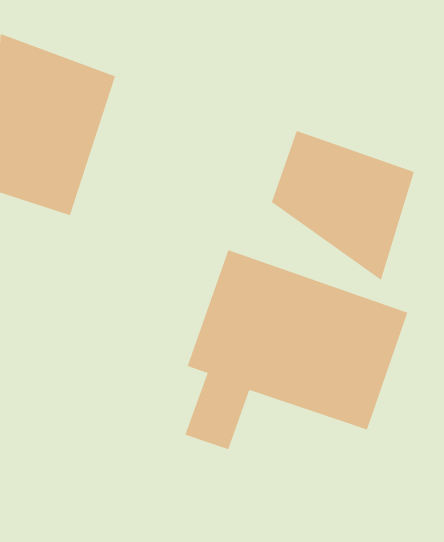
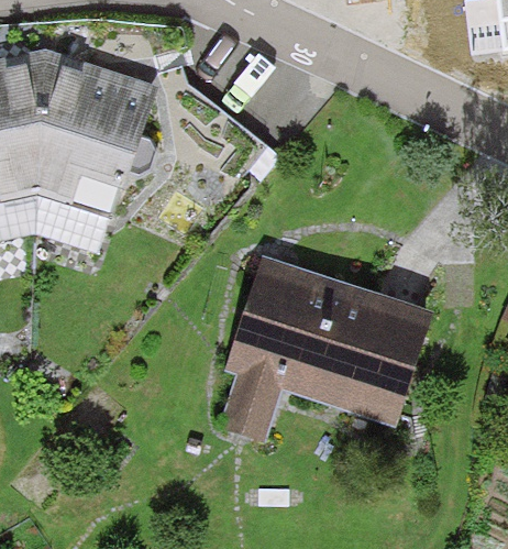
building: [271,130,415,281] -> none

